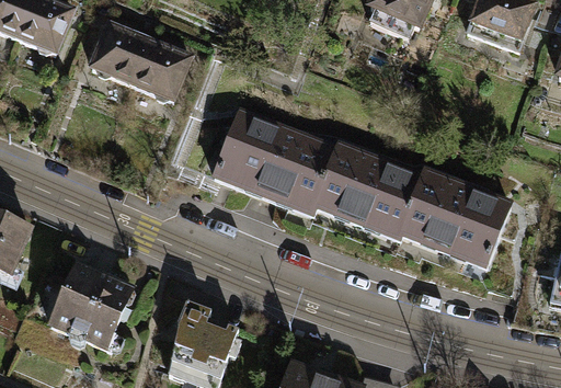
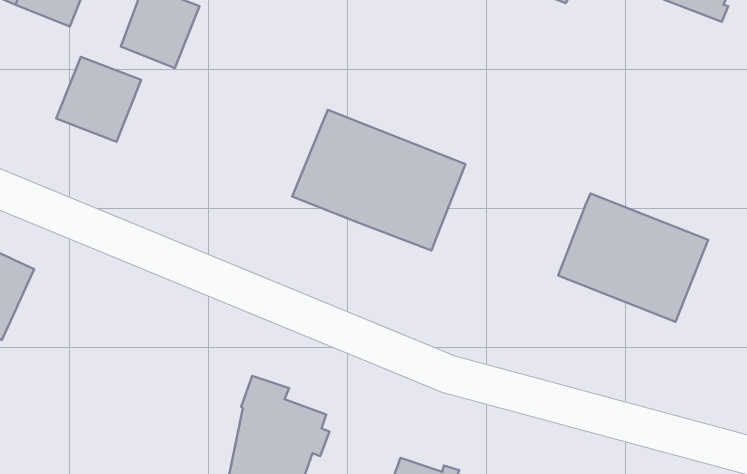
building: [130,41,191,101] -> [56,57,141,142]
building: [316,147,422,238] -> none
building: [50,264,128,350] -> none

